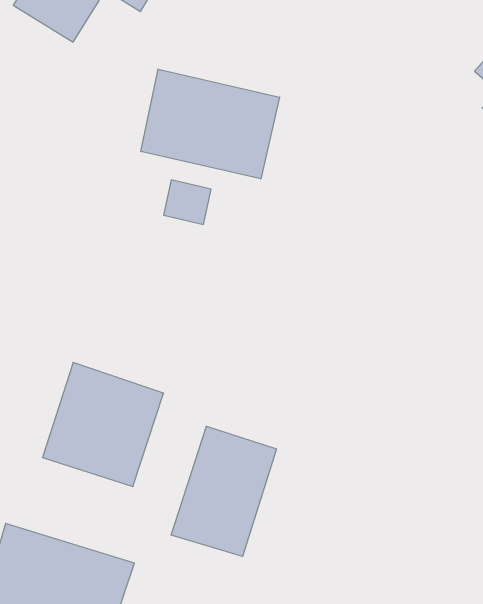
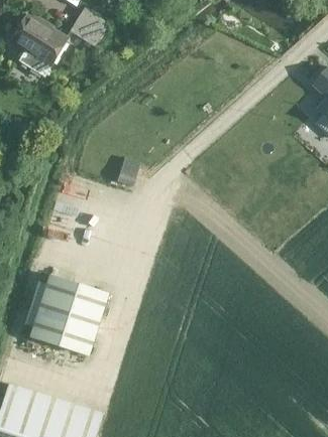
building: [141,69,280,179] -> none
building: [171,426,277,556] -> none

